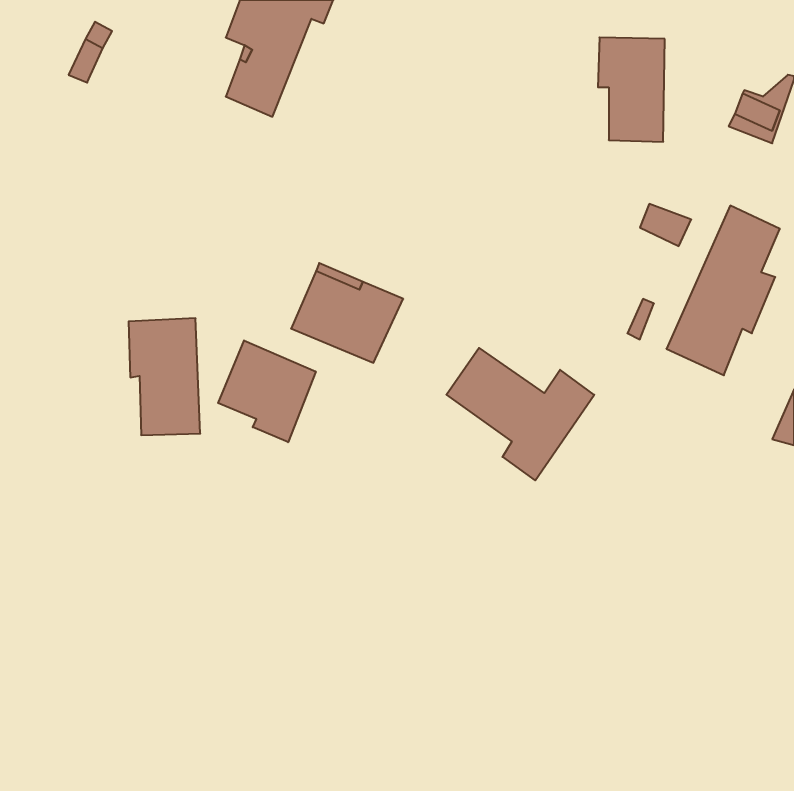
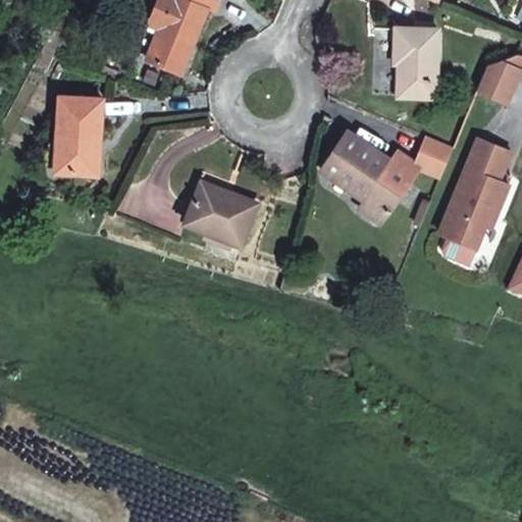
building: [129,318,200,435] -> [57,106,104,182]
building: [218,340,316,442] -> none
building: [446,348,594,480] -> [321,135,418,221]

